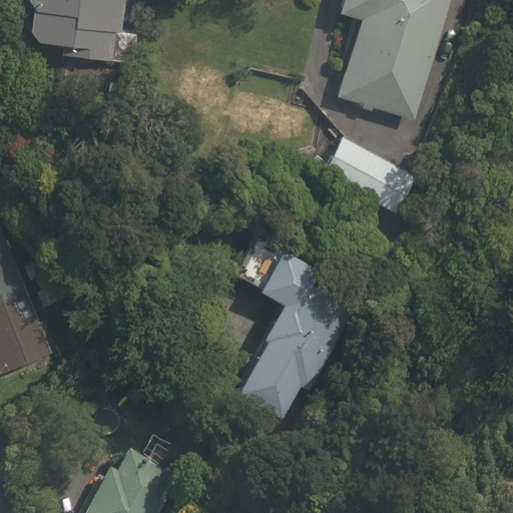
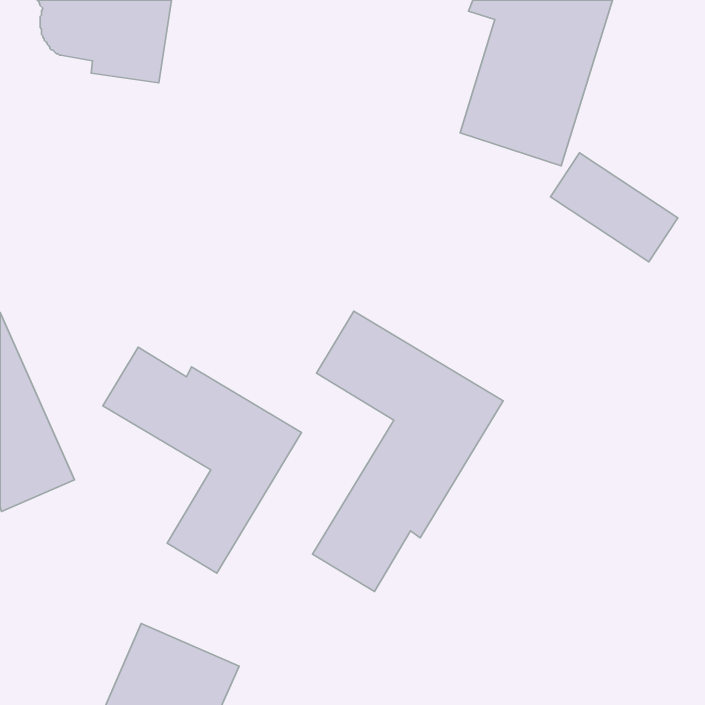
building: [325,134,417,213] -> [551,153,678,262]
building: none -> [103,347,302,573]

